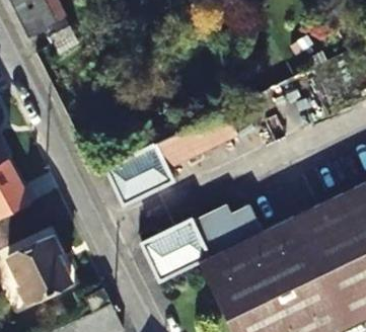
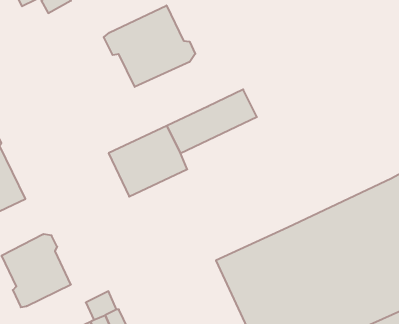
building: none -> [104,5,195,87]
building: [141,204,264,279] -> none

